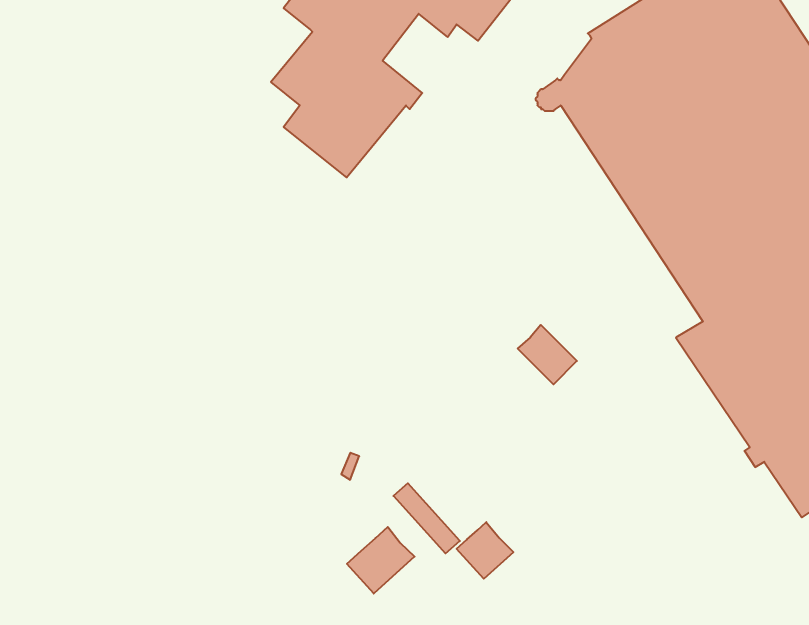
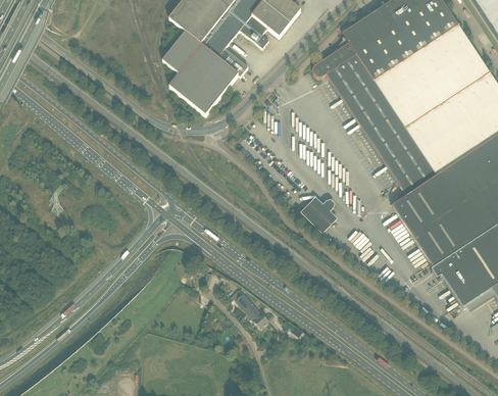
building: [457,522,513,579] -> none
building: [347,527,415,594] -> none

